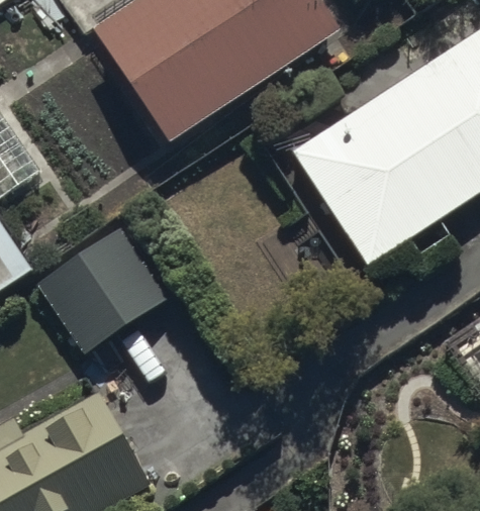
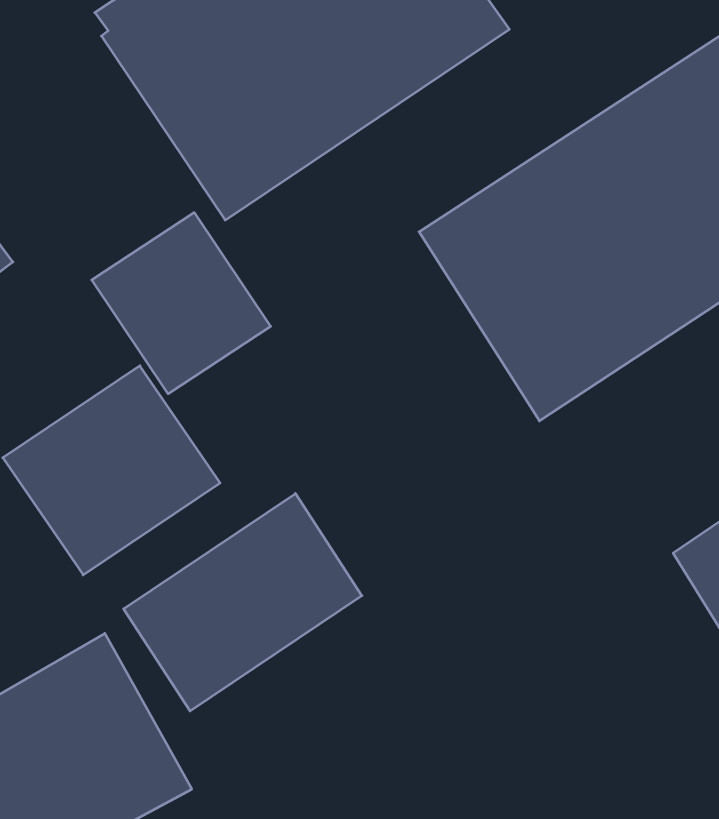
building: none -> [92,213,271,394]
building: none -> [124,493,362,711]

